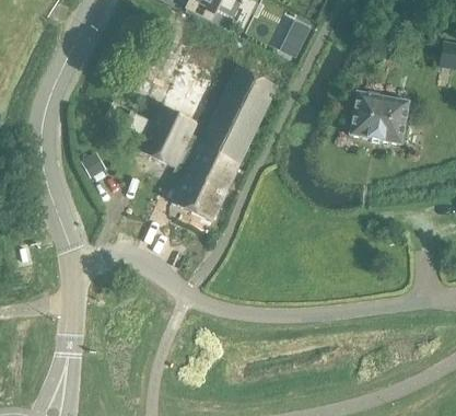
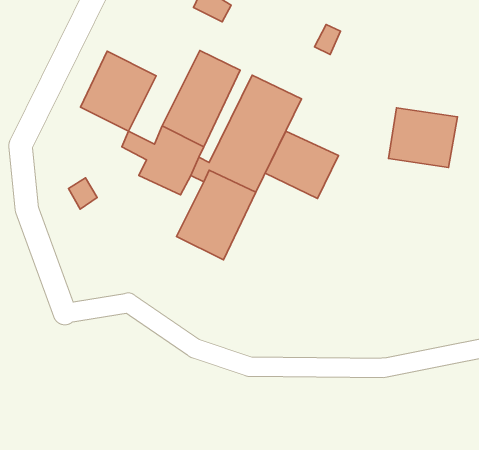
building: none -> [80,51,156,131]
building: none -> [265,131,339,198]

